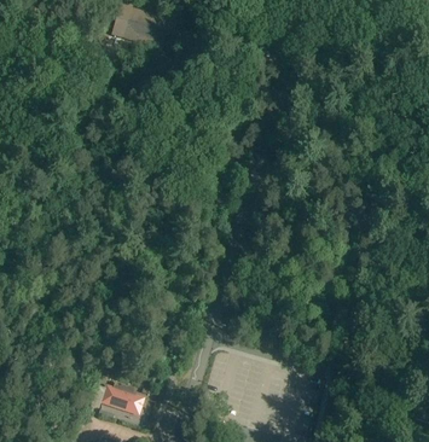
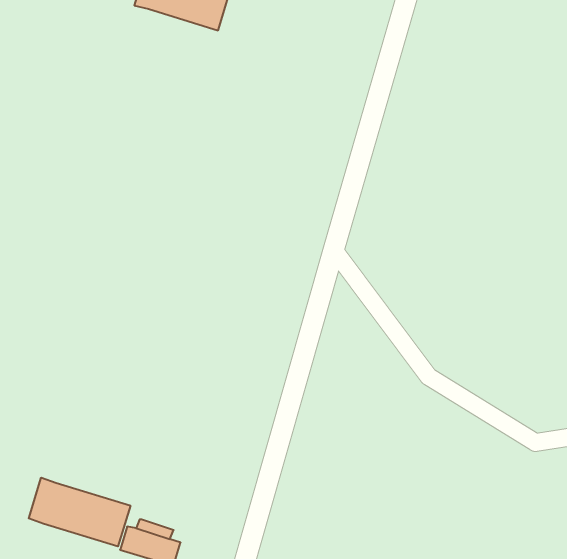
building: none -> [29,478,130,546]

